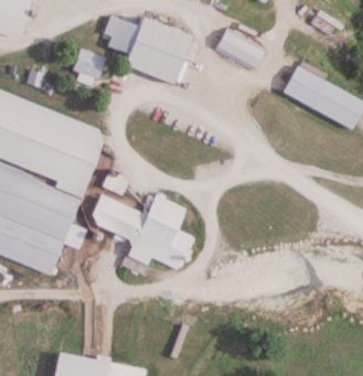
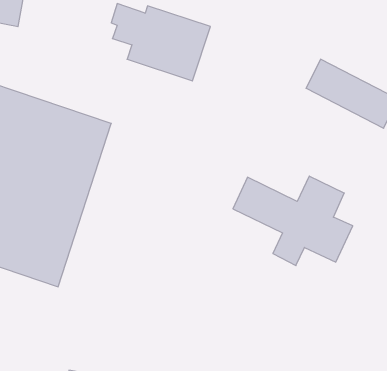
building: [215,26,266,69] -> none
building: [73,51,104,77] -> none
building: [87,192,196,273] -> [233,176,353,266]

